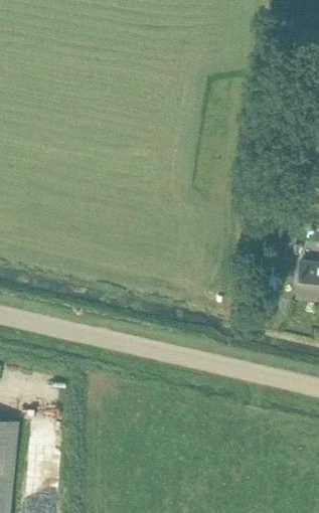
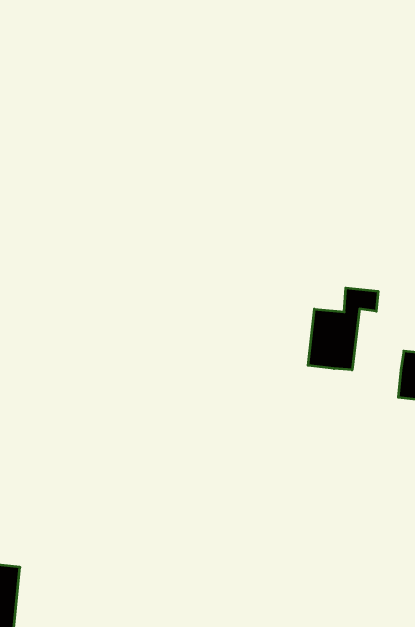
building: none -> [308,288,378,370]

